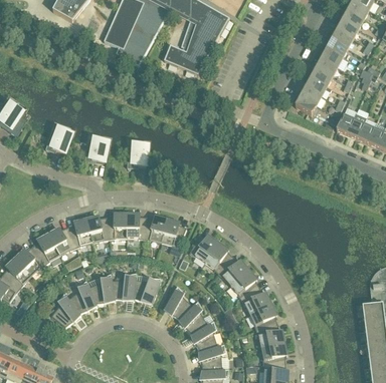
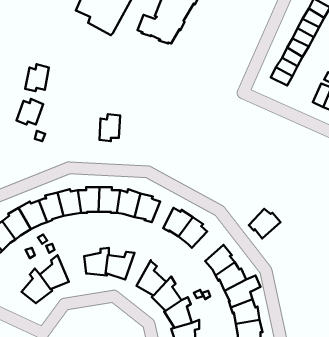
building: [85,136,109,162] -> [25,64,49,91]
building: [218,256,249,285] -> [249,209,281,239]
building: [89,272,116,303] -> none

